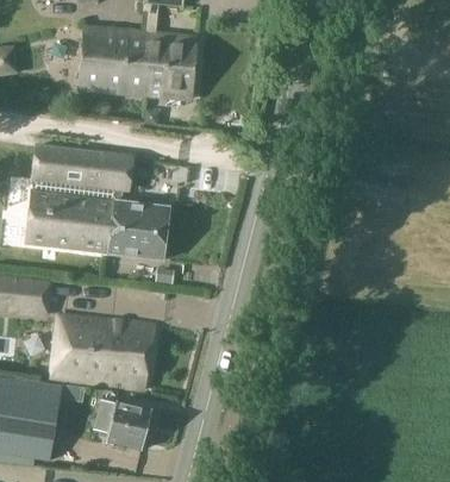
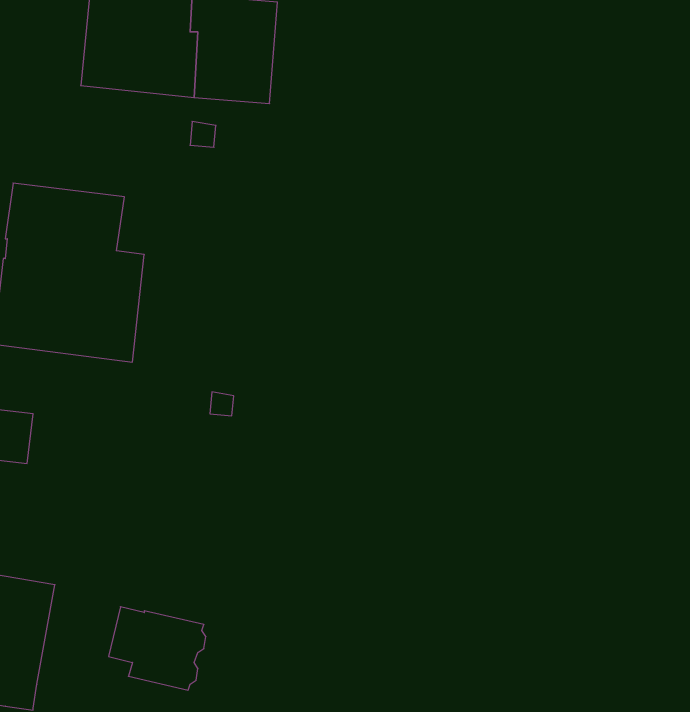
building: [100,154,169,259] -> none
building: [51,314,156,389] -> none

